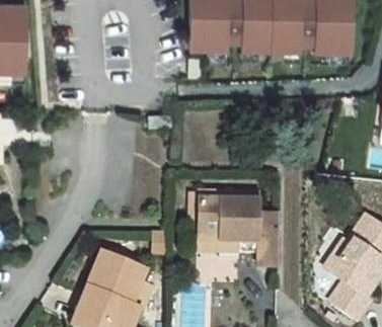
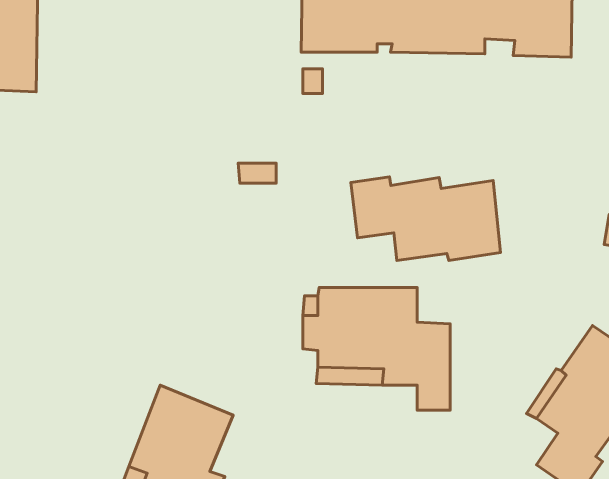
building: none -> [351,177,501,261]

